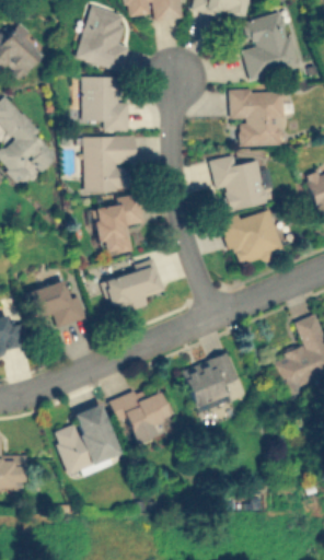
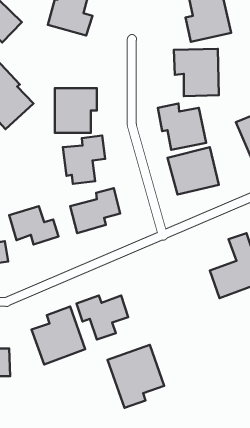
building: [82,77,128,130] -> none
building: [182,352,240,408] -> none
building: none -> [107,345,164,408]

